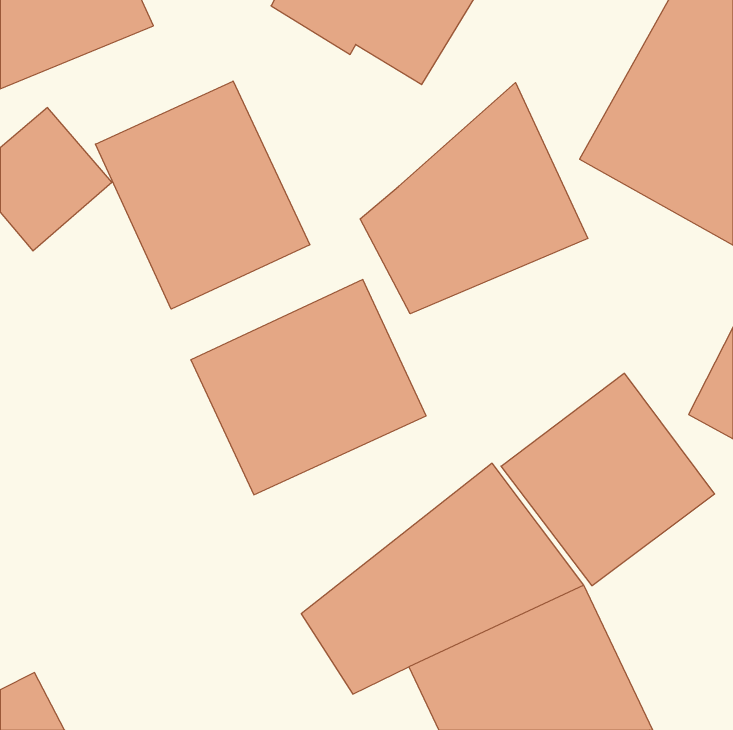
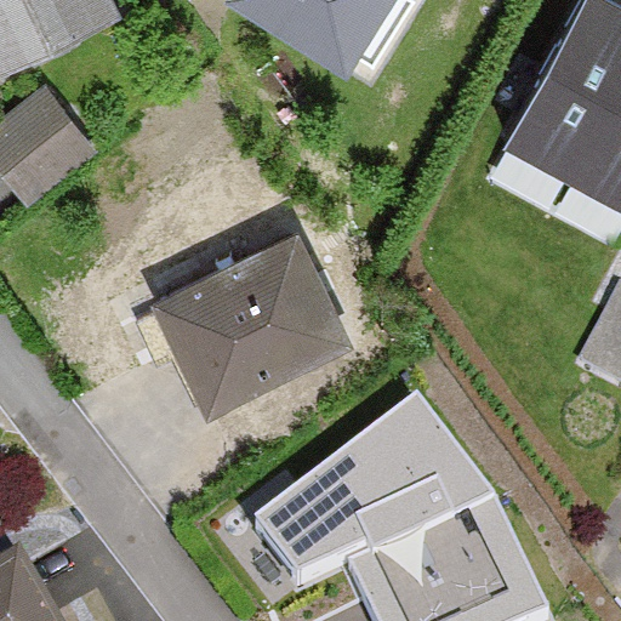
building: [95,81,310,309] -> none
building: [360,83,588,314] -> none
building: [501,373,715,586] -> none

